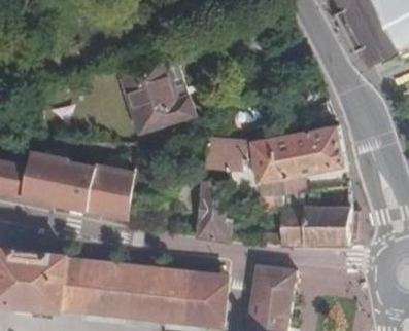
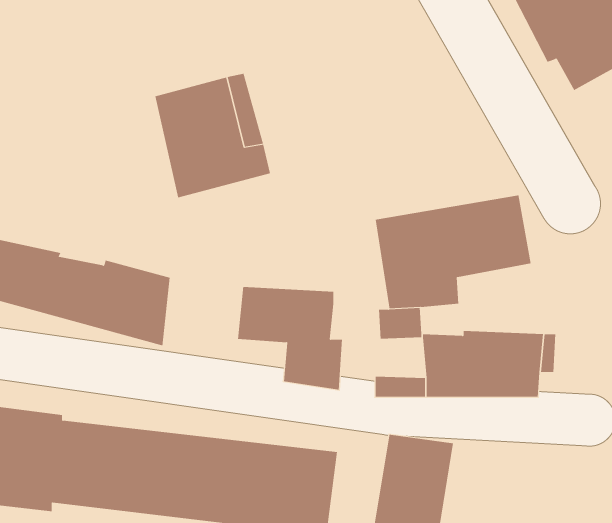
building: [205,141,244,173] -> none

